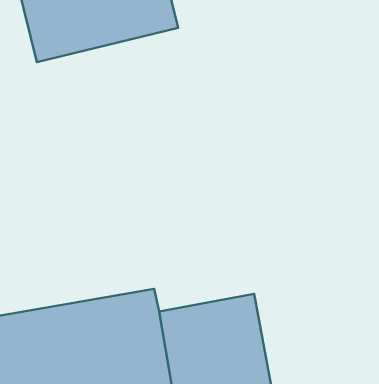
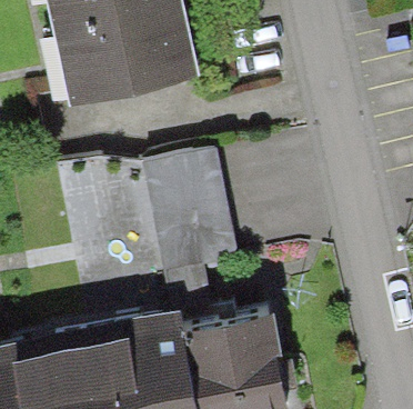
building: none -> [142,143,239,269]

